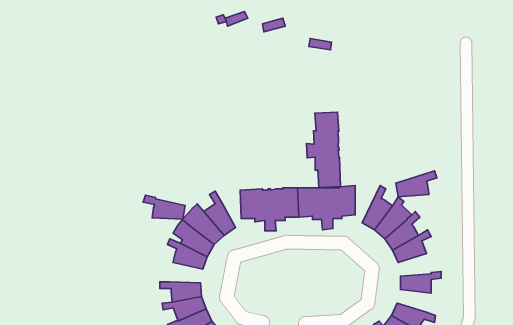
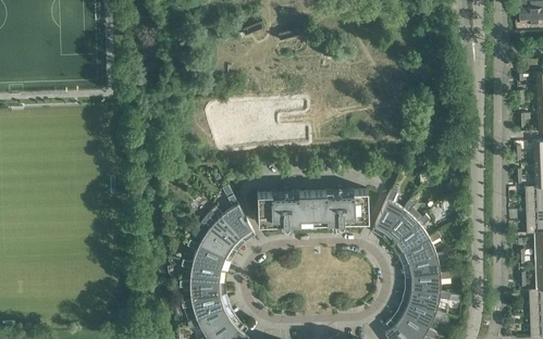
building: [306,112,341,187] -> none
building: [396,171,437,197] -> [409,251,448,276]
building: [143,195,185,219] -> [181,260,221,282]
building: none -> [408,289,451,311]

